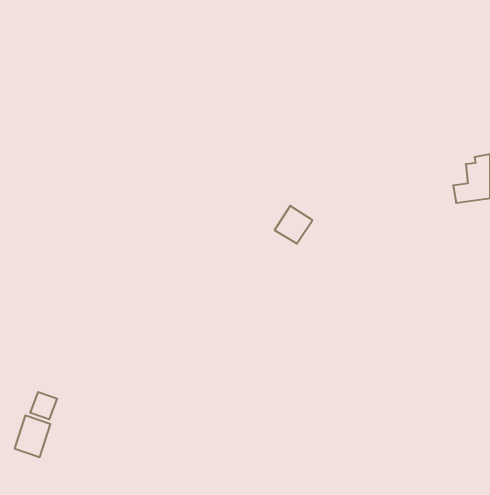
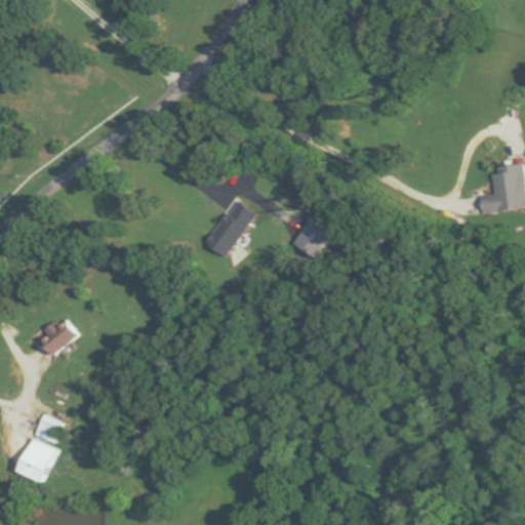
building: none -> [206,199,254,257]
building: none -> [37,321,76,357]

